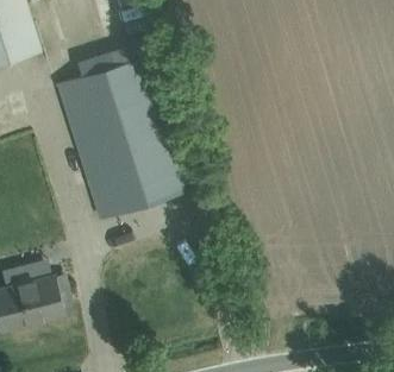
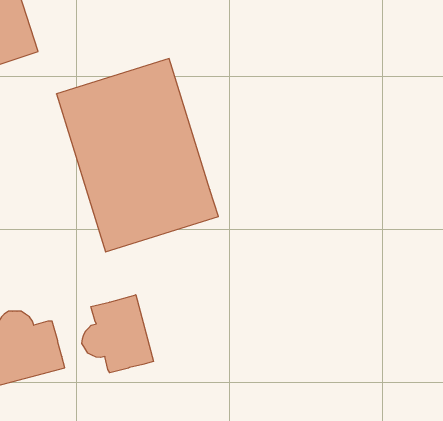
building: none -> [82,295,153,373]

